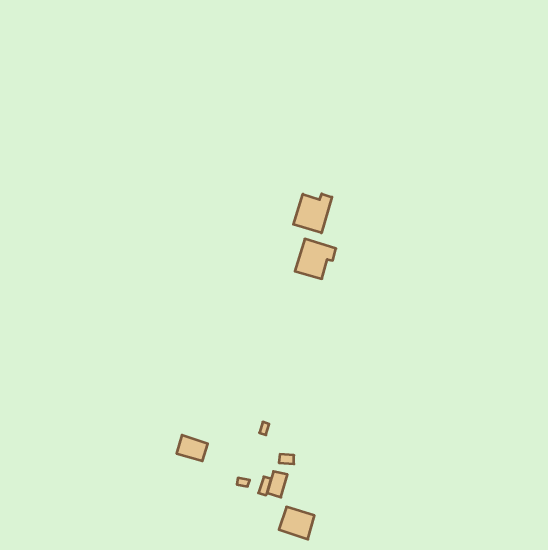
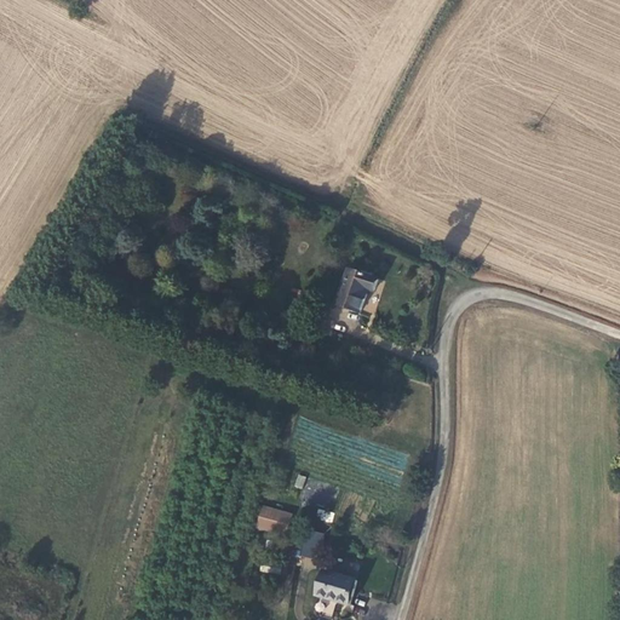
building: [293,194,332,233] -> none
building: [177,435,208,461] -> [258,504,293,533]

